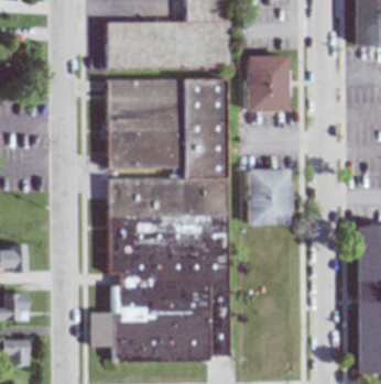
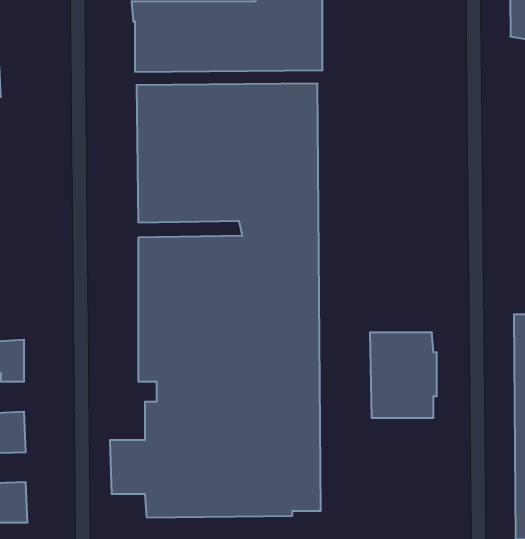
building: [247,55,289,112] -> none
building: [248,171,292,227] -> [370,332,437,418]

